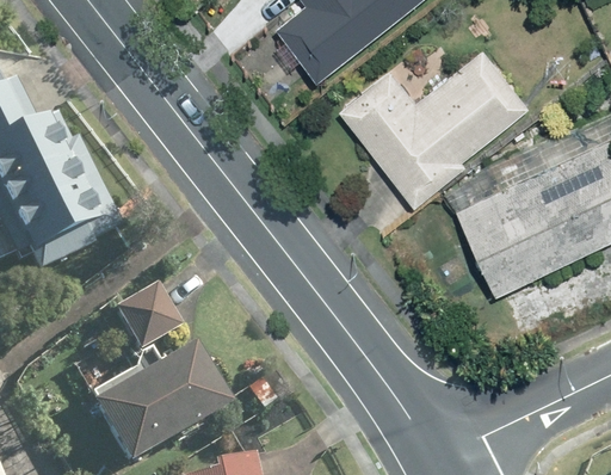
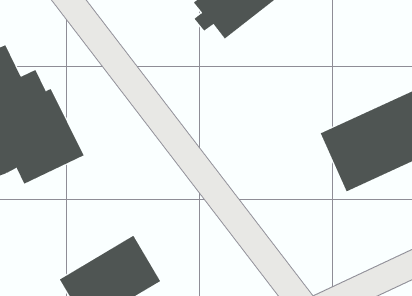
building: [339,45,526,205] -> none
building: [113,285,187,359] -> none

